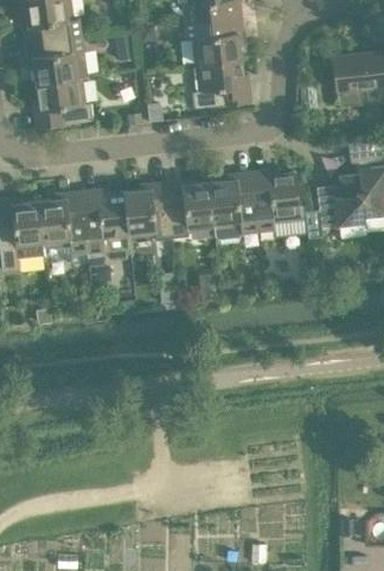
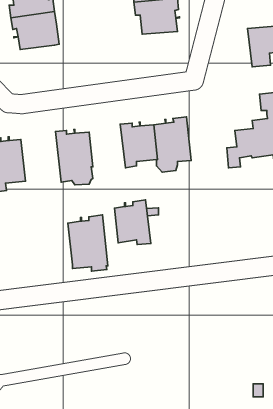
building: [193,60,251,109] -> none
building: [33,78,94,128] -> none
building: [254,169,301,229] -> none
building: [127,181,174,239] -> [115,200,151,245]
building: [38,191,90,264] -> [68,215,108,271]

